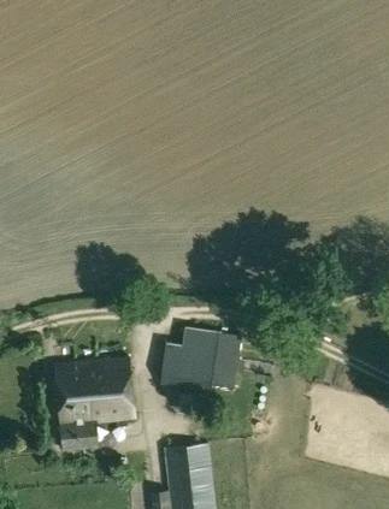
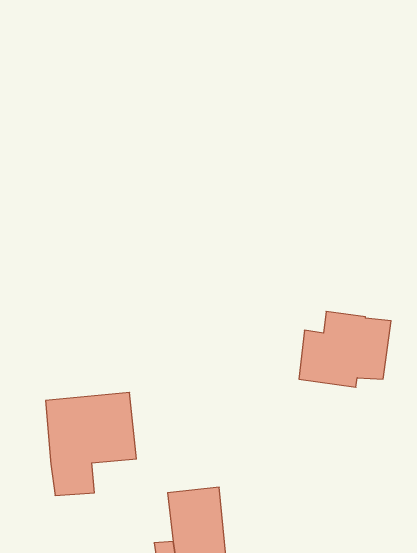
building: [160,326,242,393] -> [299,311,391,387]

